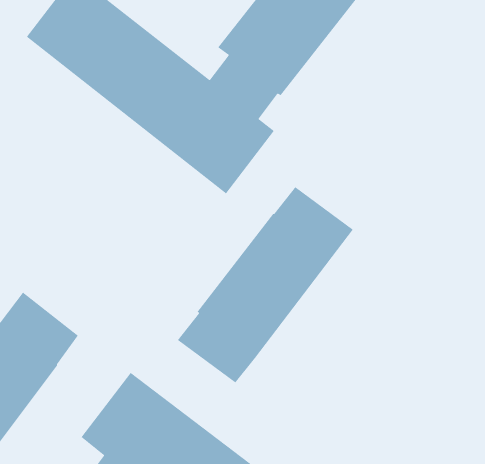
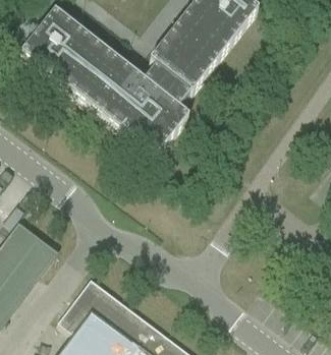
building: [177,186,354,383] -> none

